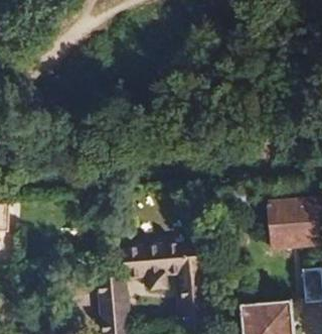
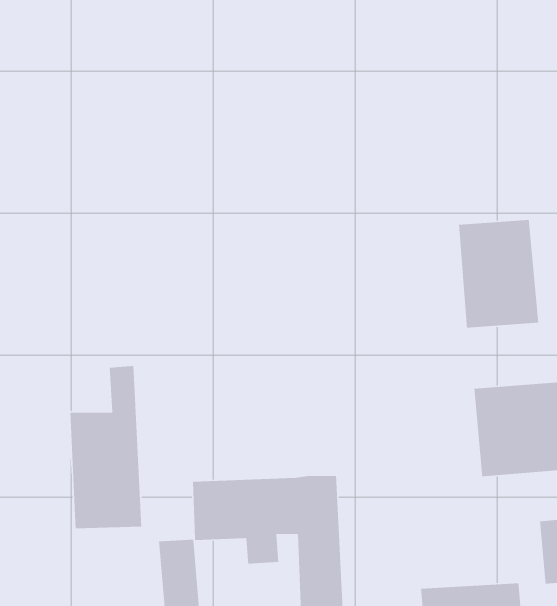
building: none -> [458,219,539,328]
building: none -> [70,365,142,529]

